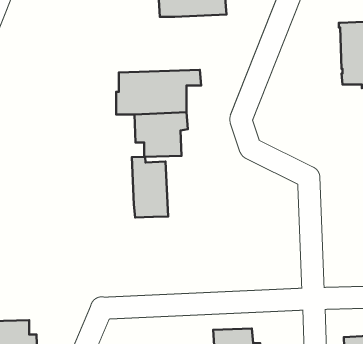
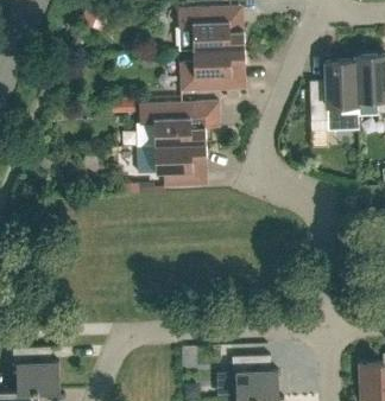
building: none -> [179,46,245,90]
building: none -> [310,59,359,129]
building: [132,157,168,217] -> none

